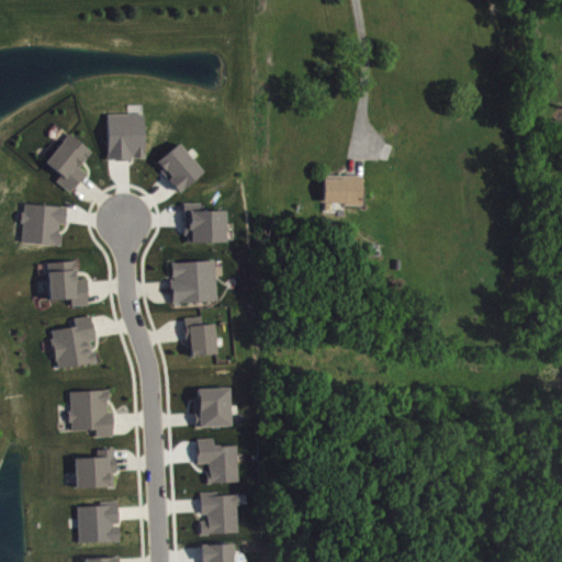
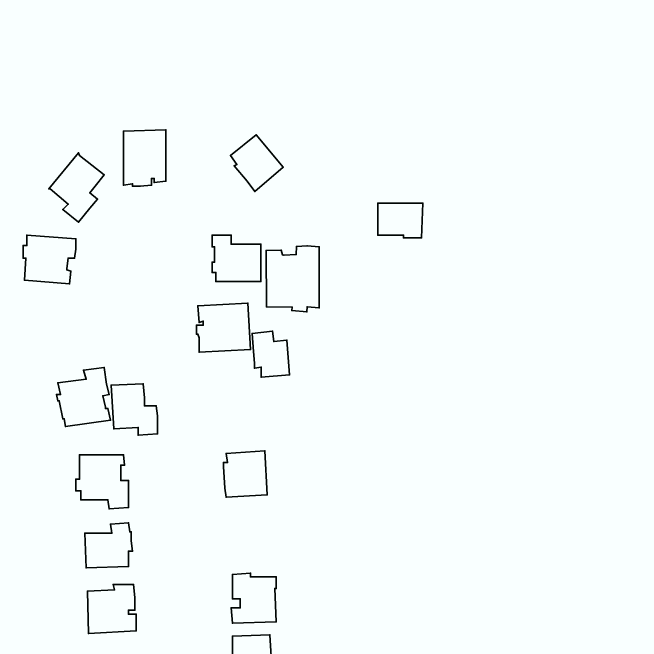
building: [158,144,203,192] -> [230,135,283,192]
building: none -> [266,246,319,312]
building: [47,261,87,305] -> [111,384,157,435]
building: [183,316,215,356] -> [252,331,289,377]
building: [195,438,238,483] -> none

